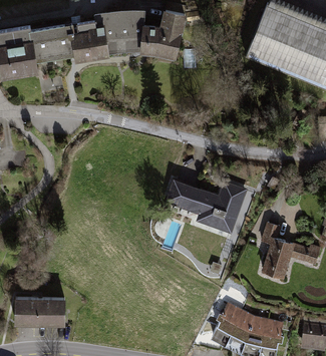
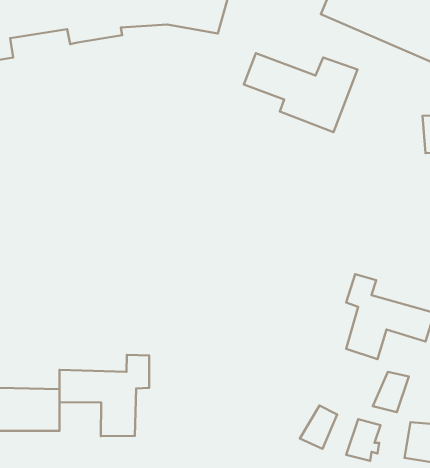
building: [172,182,248,235] -> [244,53,357,132]
building: none -> [60,355,149,436]
building: [216,304,243,332] -> none
building: [245,316,269,343] -> [373,372,409,412]

